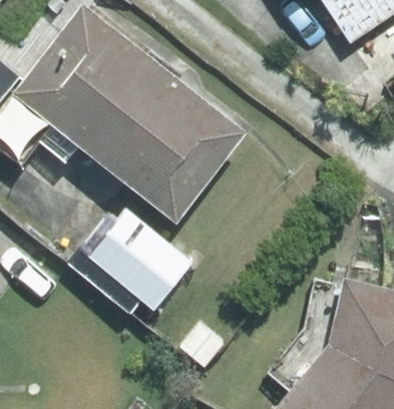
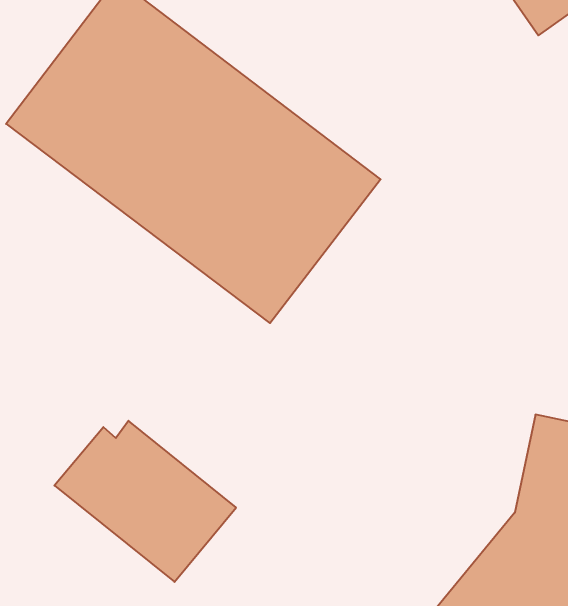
building: [79,208,194,310] -> [54,421,236,582]

